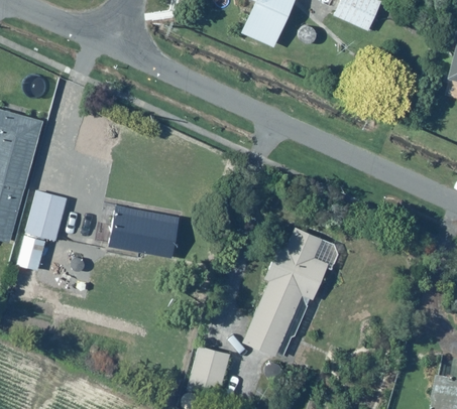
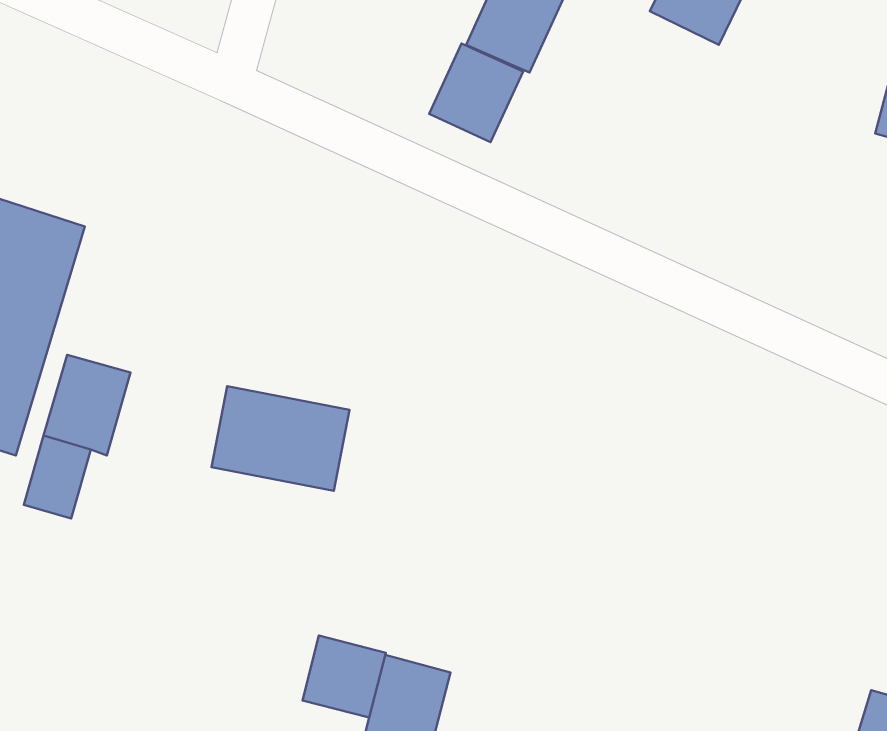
building: none -> [429,43,523,142]
building: [245,230,328,354] -> none
building: none -> [302,636,386,718]

